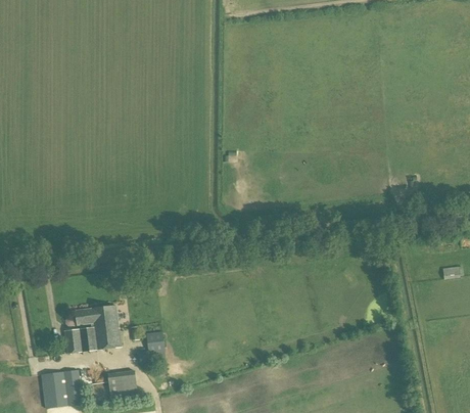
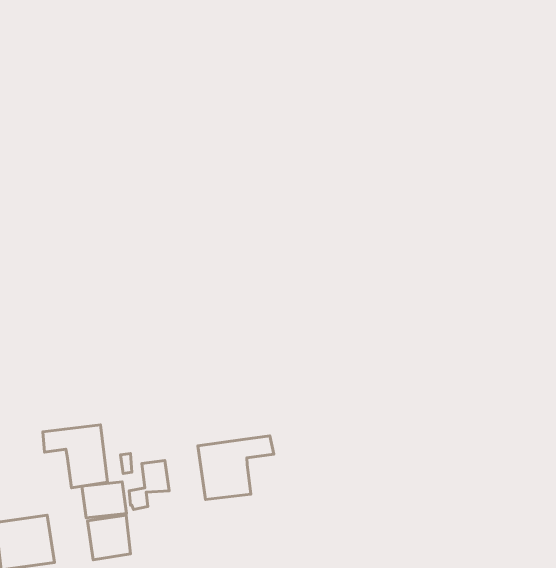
building: none -> [198,436,274,499]
building: [63,327,95,353] -> [82,482,126,518]

